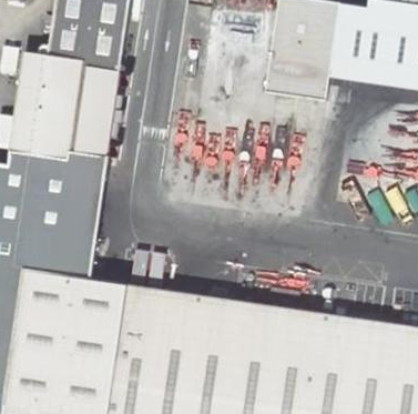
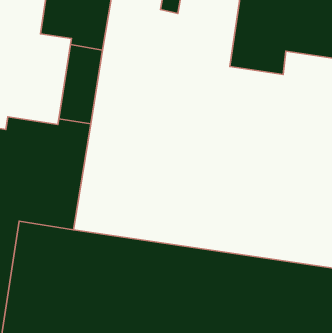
building: [10,52,83,160] -> none

